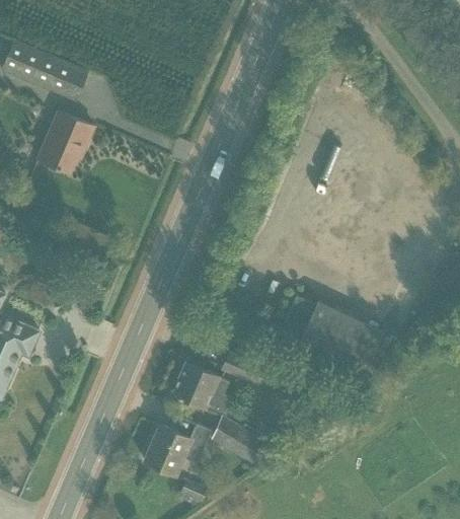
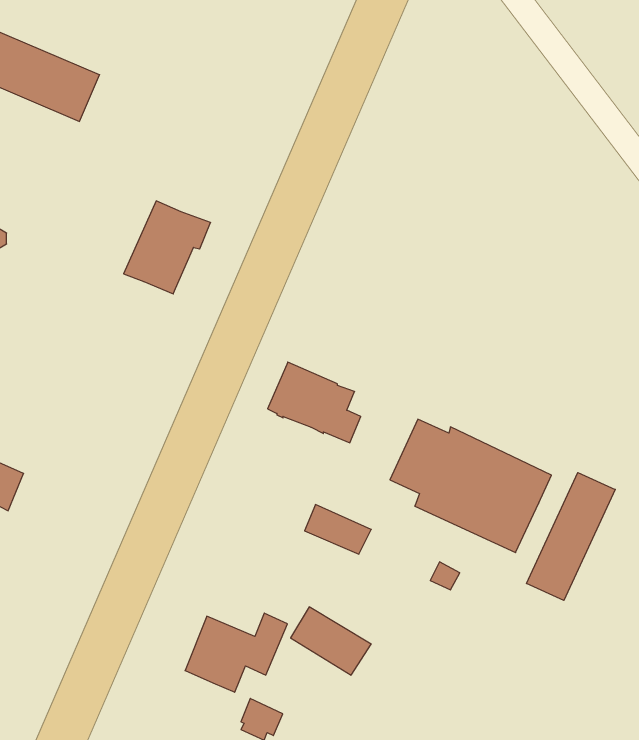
building: [37,112,94,172] -> [124,201,211,294]
building: none -> [527,473,615,600]
building: [172,362,233,415] -> [268,362,361,443]

